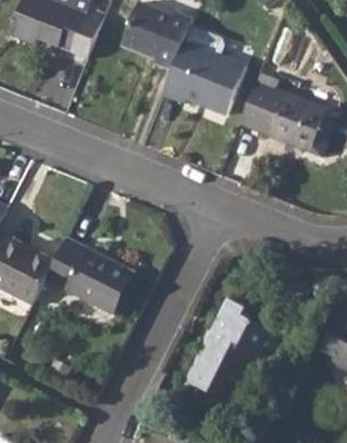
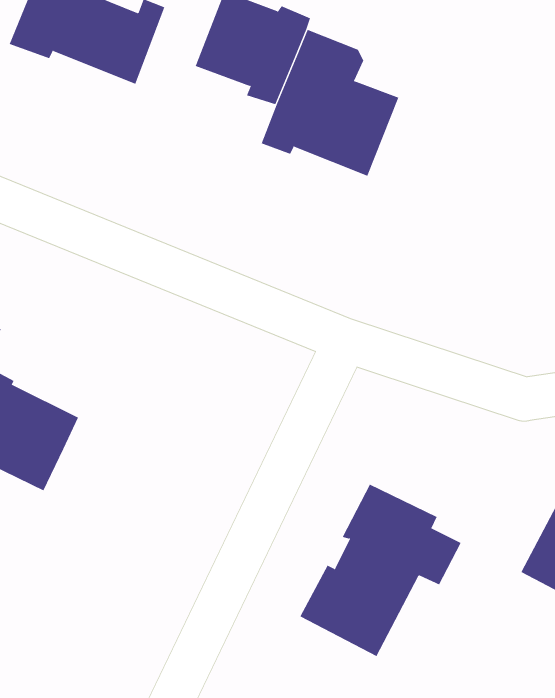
building: [239,78,330,155] -> none
building: [41,236,132,312] -> none

